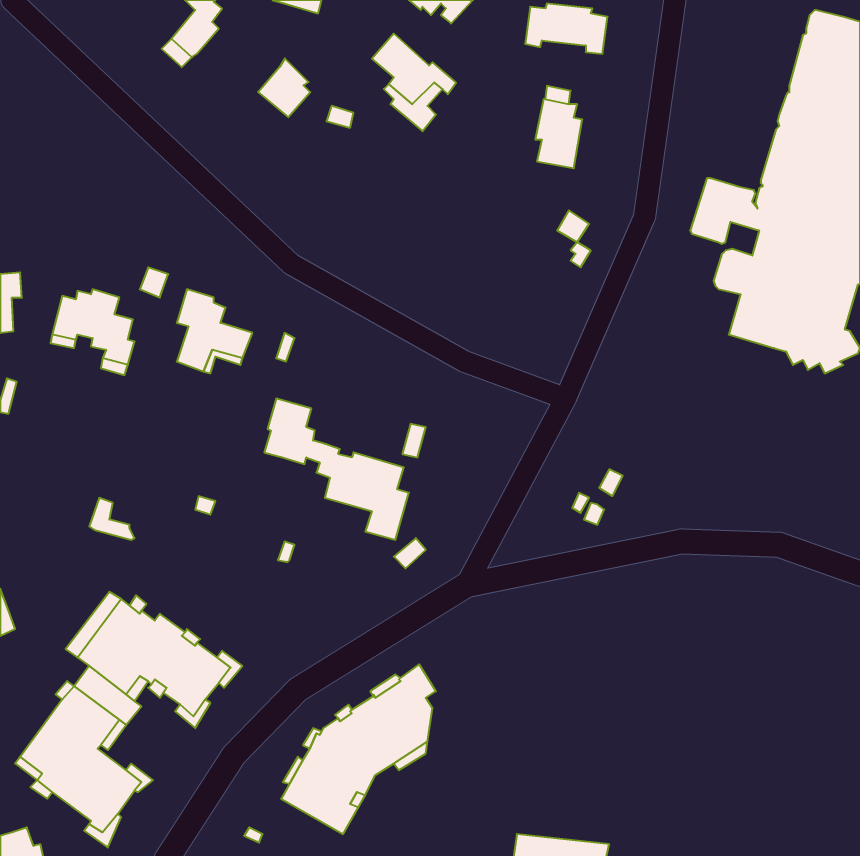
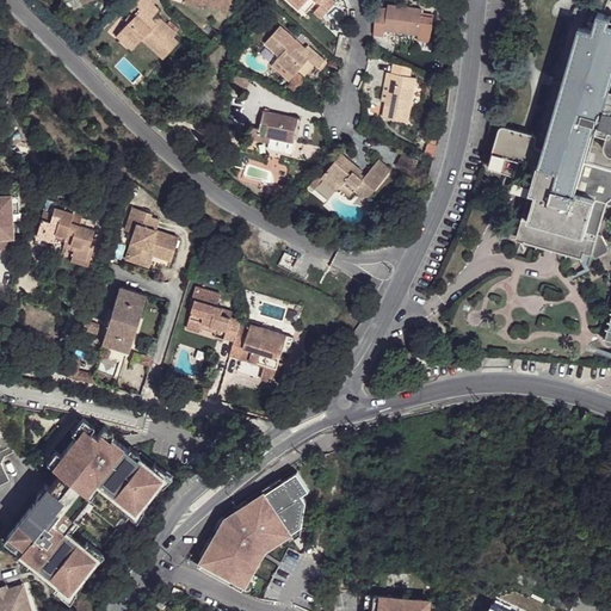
building: [258,58,310,117] -> [140,17,177,58]
building: none -> [258,112,300,143]
building: none -> [321,156,391,196]
building: none -> [78,288,144,353]

